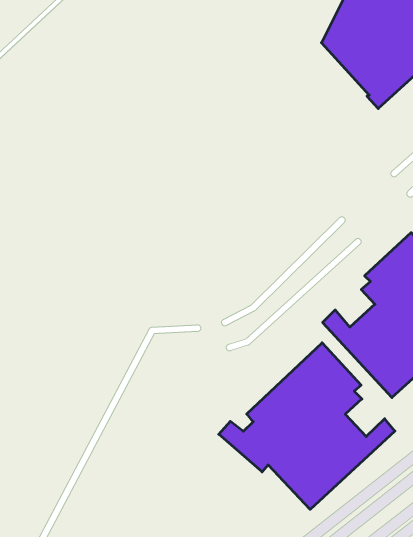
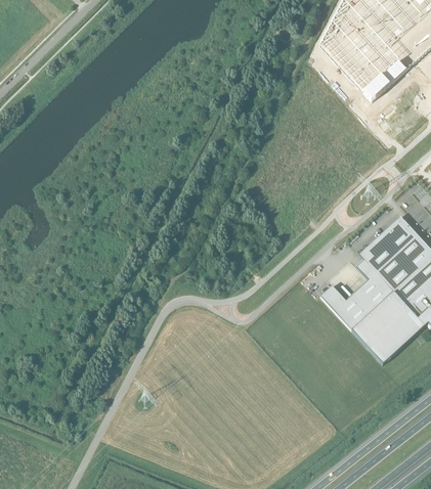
building: [219,343,395,509] -> none

